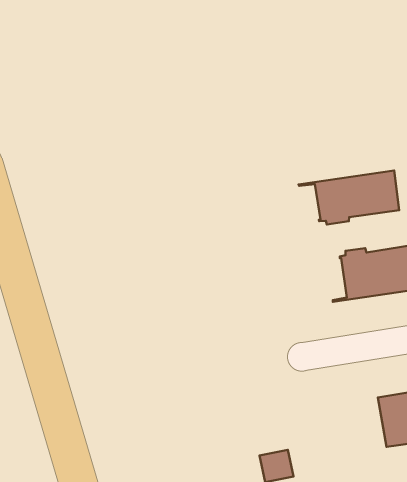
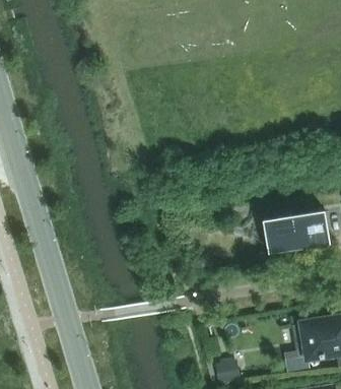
building: [299,170,399,224] -> none

